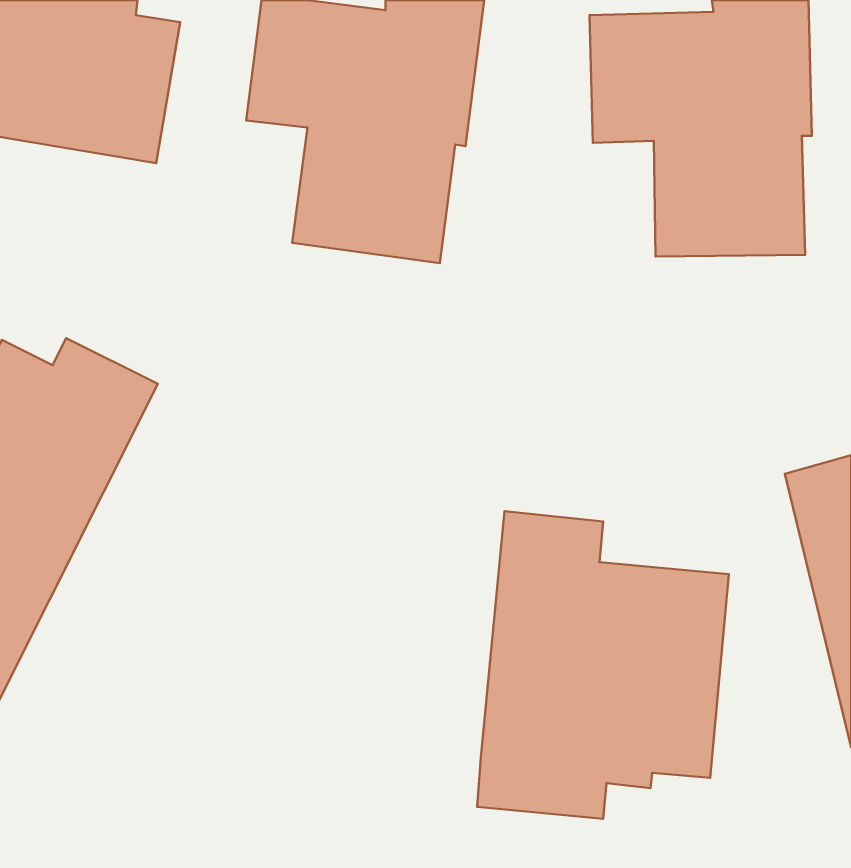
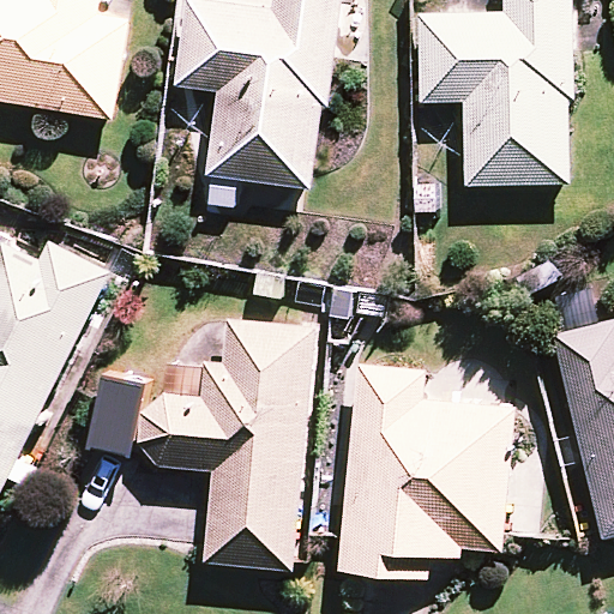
building: none -> [138,317,314,566]

